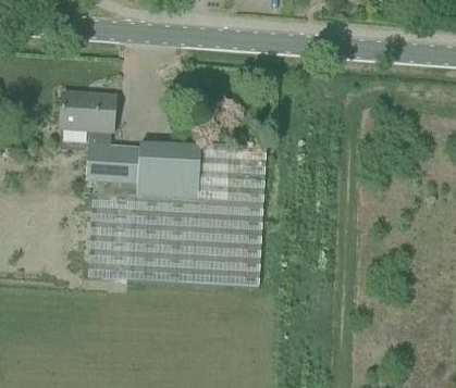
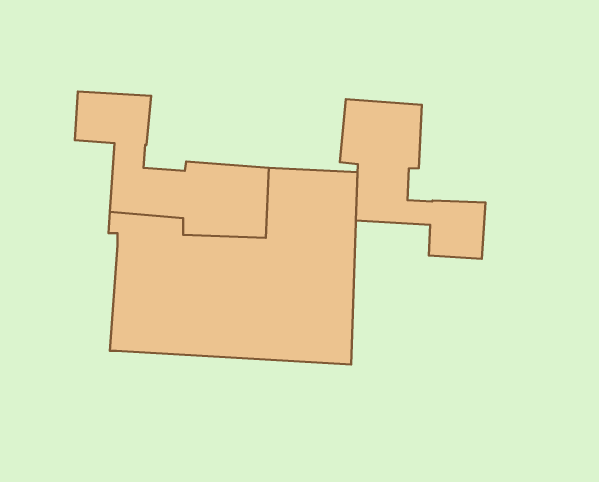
building: none -> [340,99,485,259]

